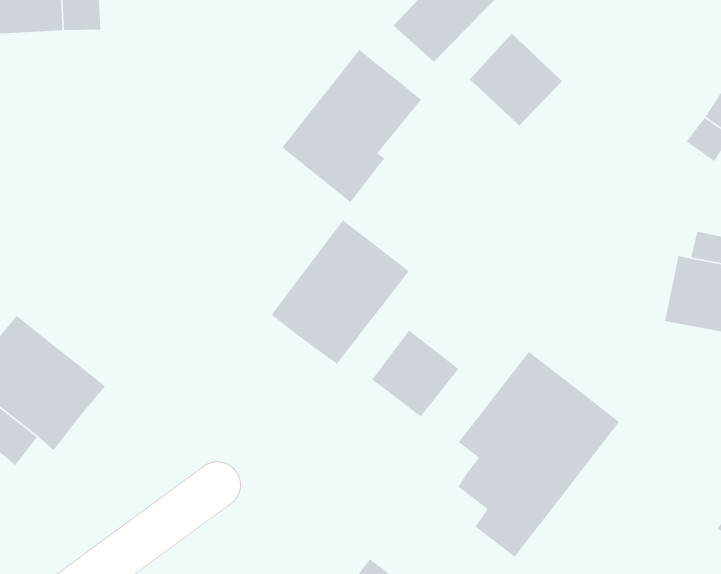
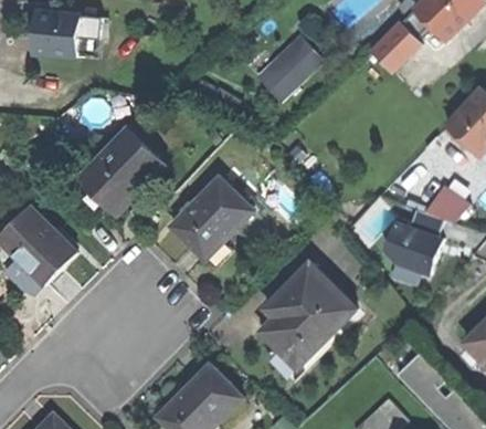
building: [469,33,563,126] -> none
building: [281,49,422,203] -> [80,130,160,214]
building: [371,329,460,418] -> none

